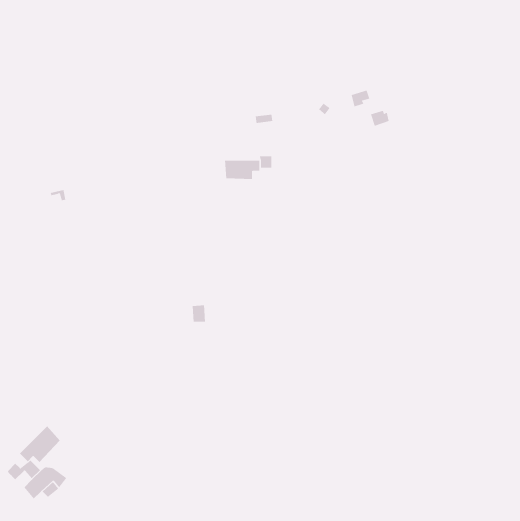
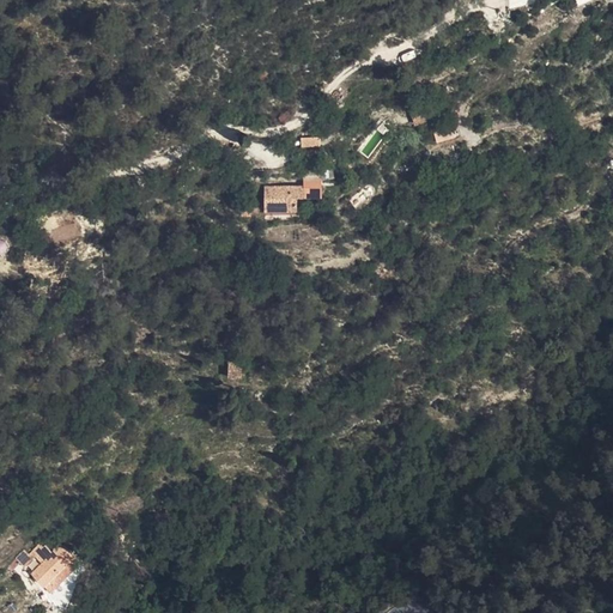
building: [19,425,60,463] -> none

